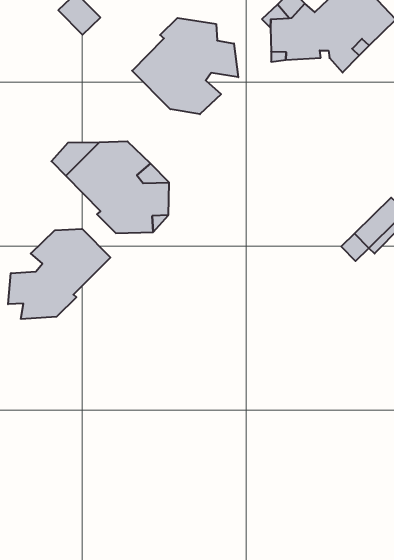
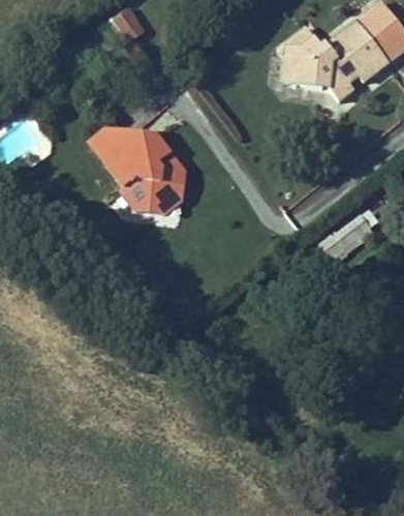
building: [132,18,238,114] -> none
building: [8,229,110,319] -> none

